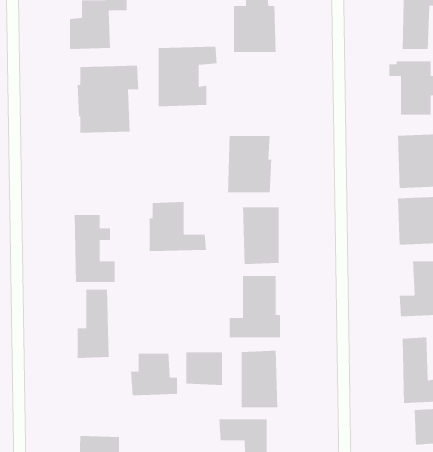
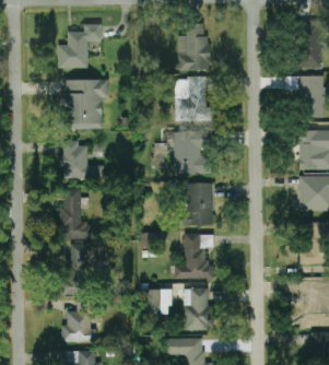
building: [158,46,218,107] -> [174,76,218,121]
building: [149,201,207,252] -> [60,141,103,178]
building: [130,353,178,396] -> [60,310,95,342]

